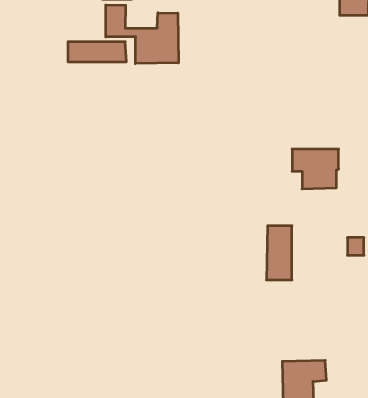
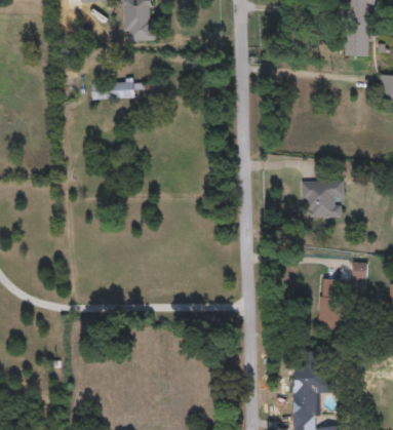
building: [106,5,178,64] -> none
building: [266,226,292,280] -> [319,279,343,329]

